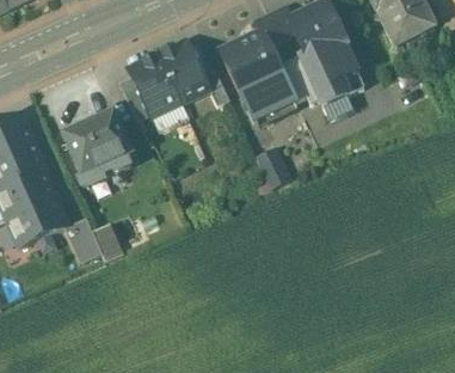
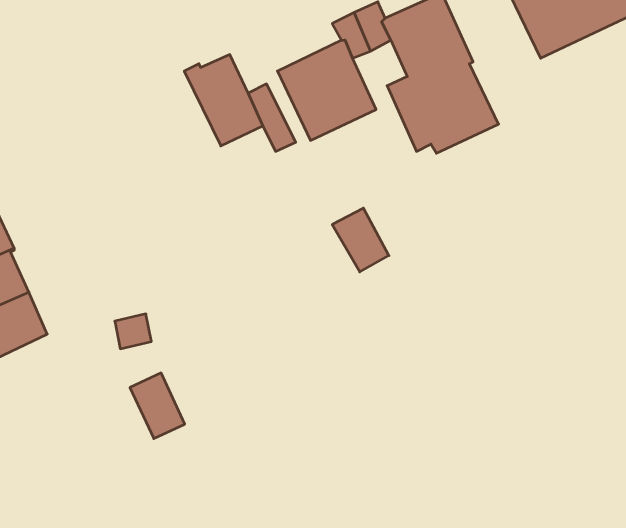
building: [129,53,182,116] -> none
building: [240,78,295,123] -> none
building: [64,115,130,177] -> none
building: [66,219,102,262] -> [130,373,185,439]

